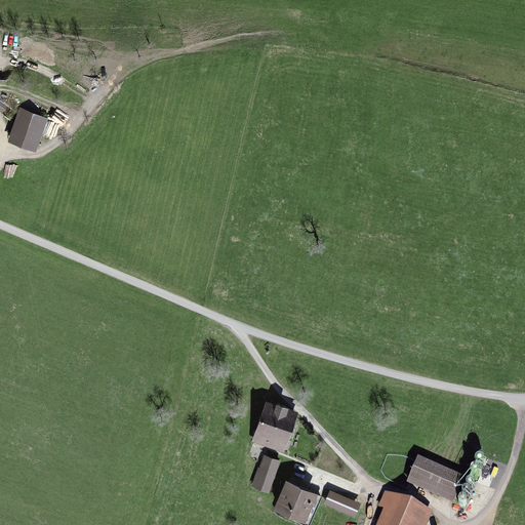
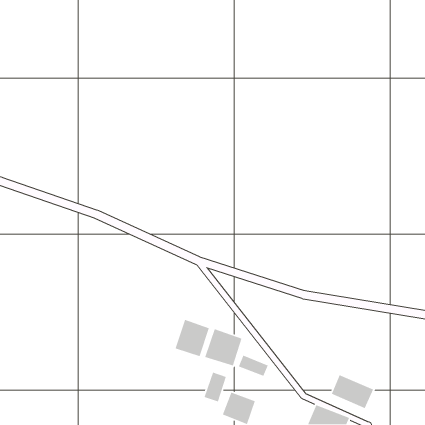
building: [7,109,49,152] -> none
building: none -> [174,319,210,357]
building: [325,488,363,516] -> [238,354,269,377]

